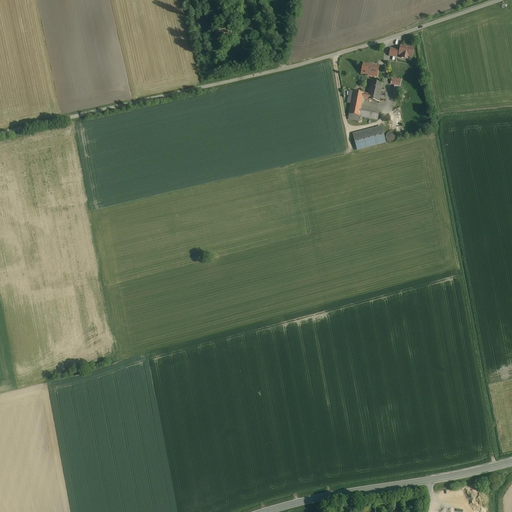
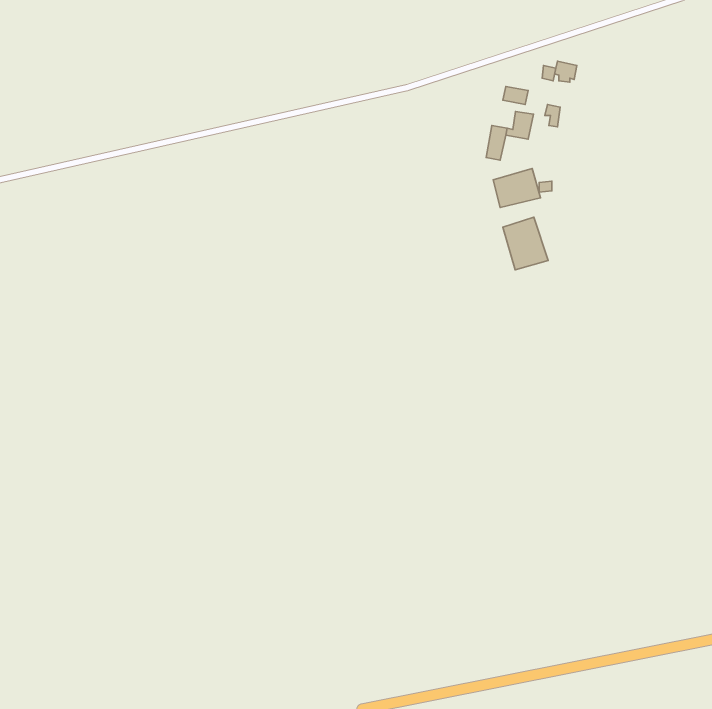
building: none -> [503,217,548,270]

